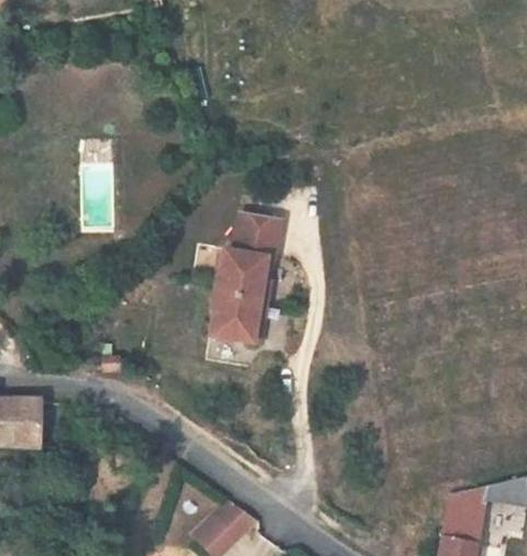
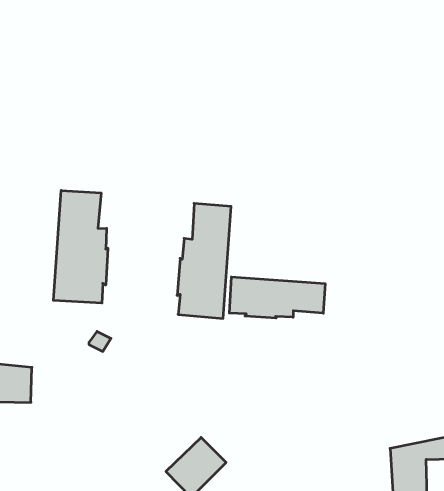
building: none -> [53,190,108,303]
building: none -> [229,277,325,318]

